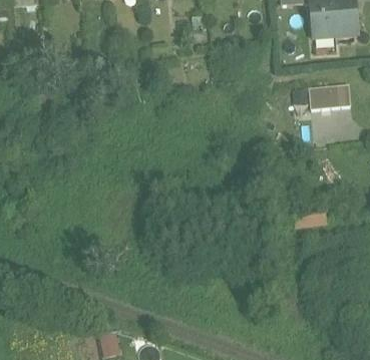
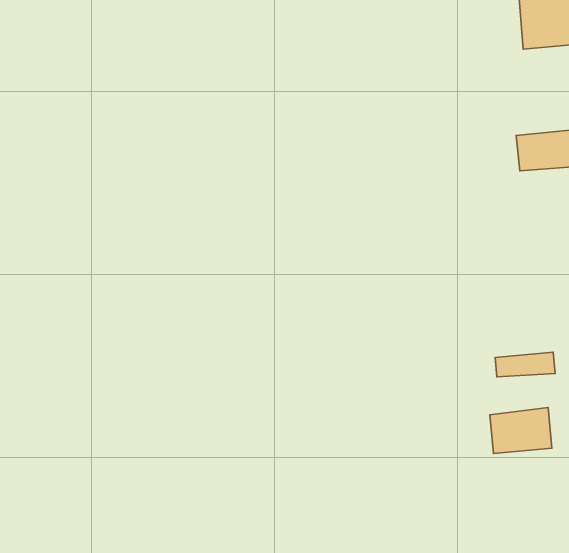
building: none -> [490,408,552,453]

